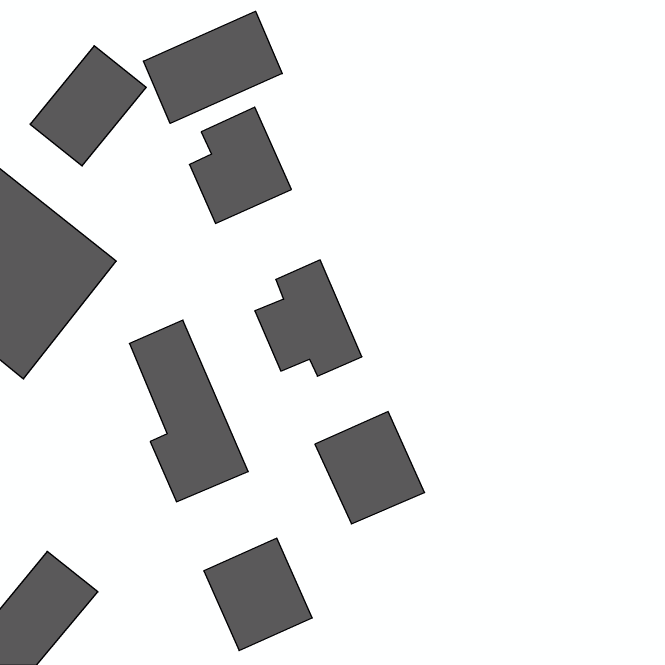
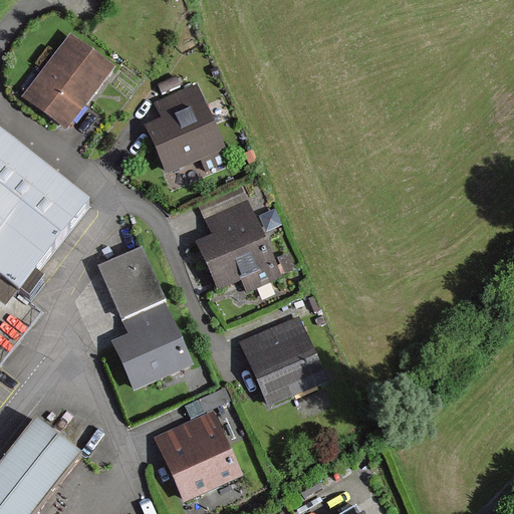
building: [143,11,282,123] -> none

